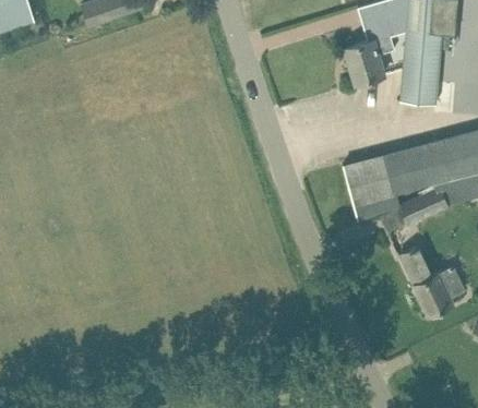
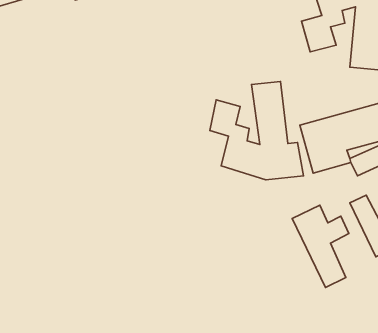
building: none -> [210,81,304,180]
building: none -> [292,205,349,287]

